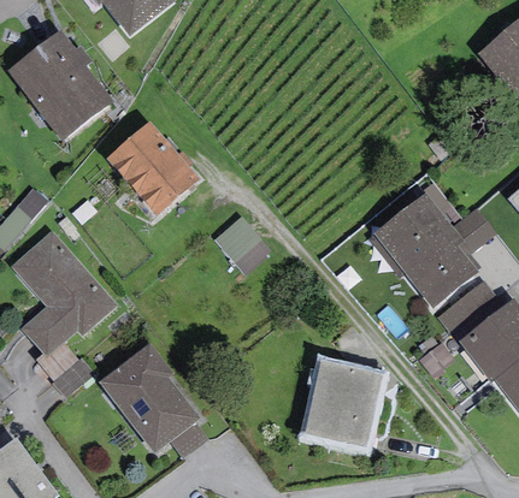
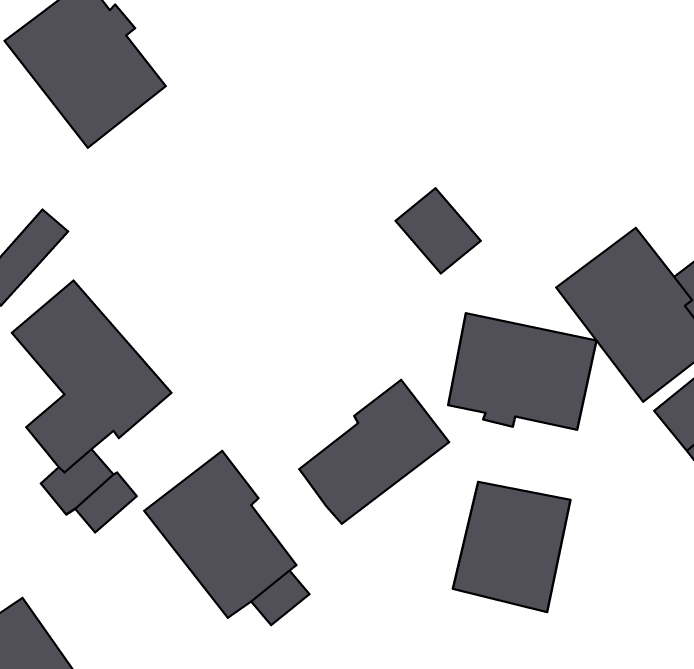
building: [104,121,199,218] -> none
building: [213,214,270,271] -> [395,188,481,273]
building: none -> [448,313,597,430]
building: none -> [299,380,449,524]

